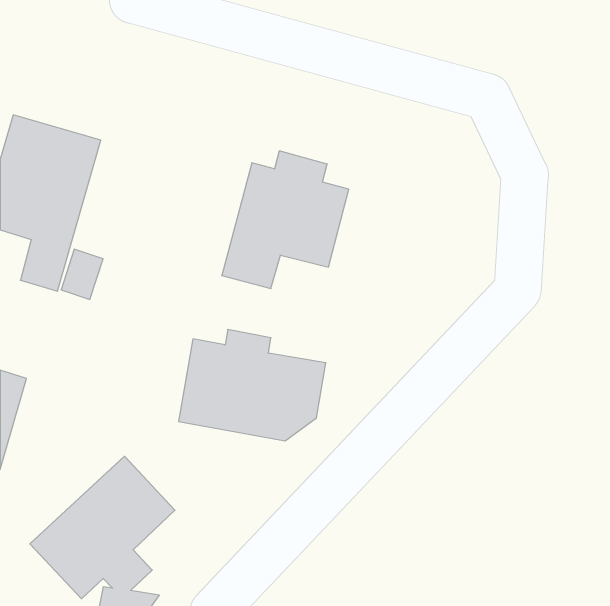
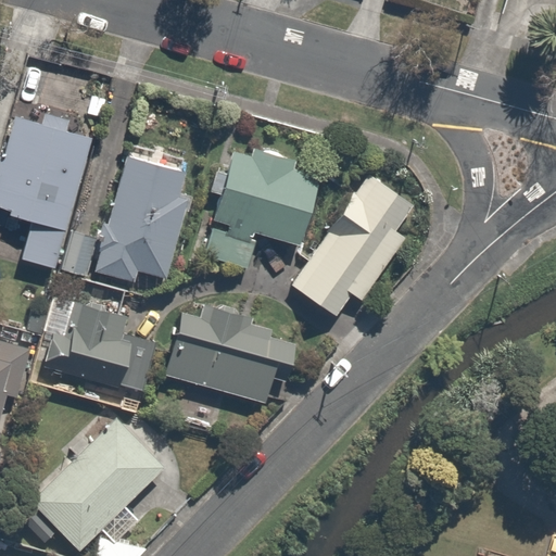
building: none -> [96,156,197,279]
building: none -> [292,175,424,314]
building: none -> [40,304,135,383]

